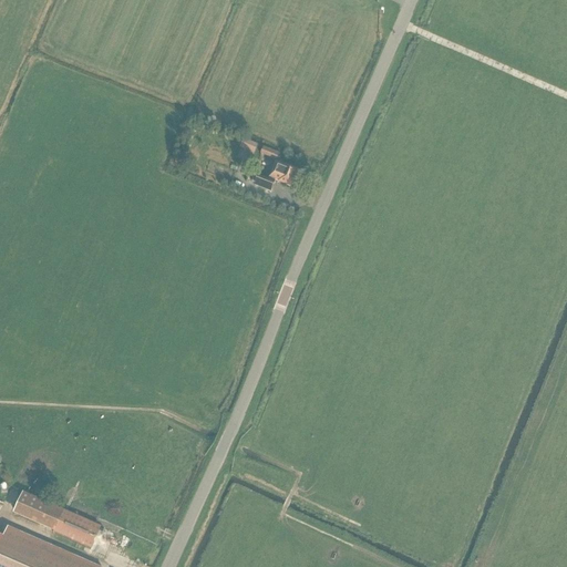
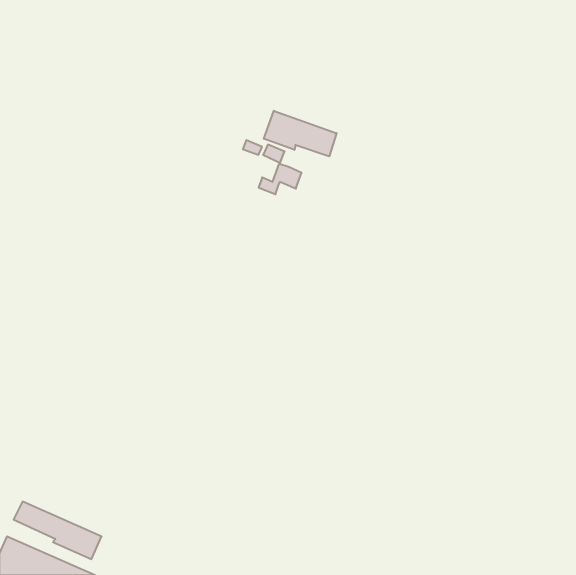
building: none -> [264,111,337,156]

